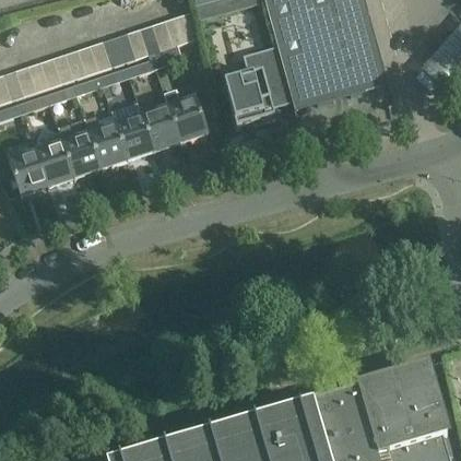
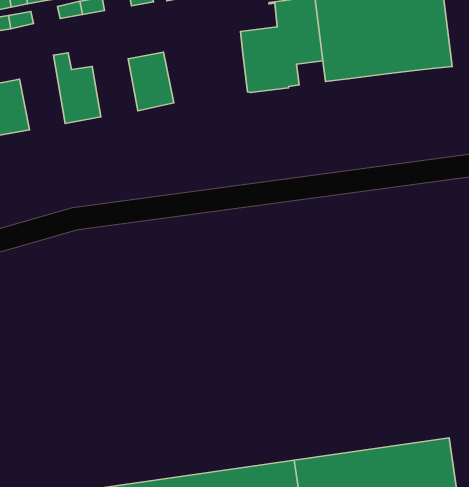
building: [164,88,208,142] -> none
building: [116,114,155,161] -> none
building: [58,119,102,178] -> none

